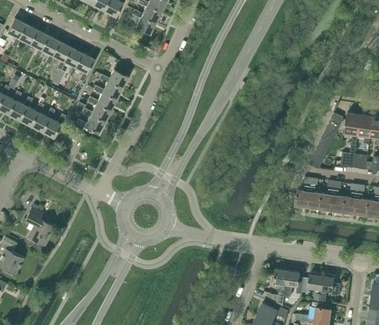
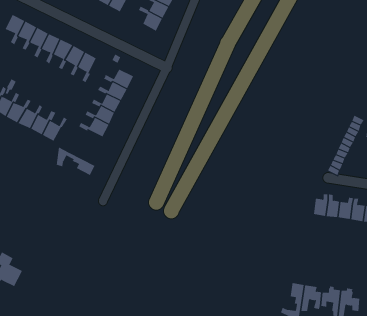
building: none -> [56,147,95,176]
building: [25,207,54,245] -> none

